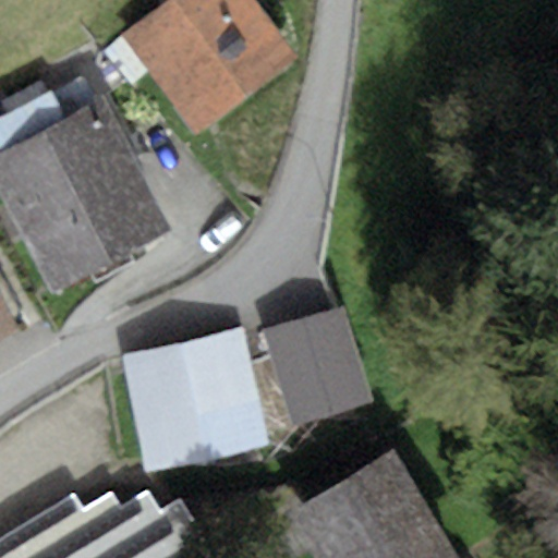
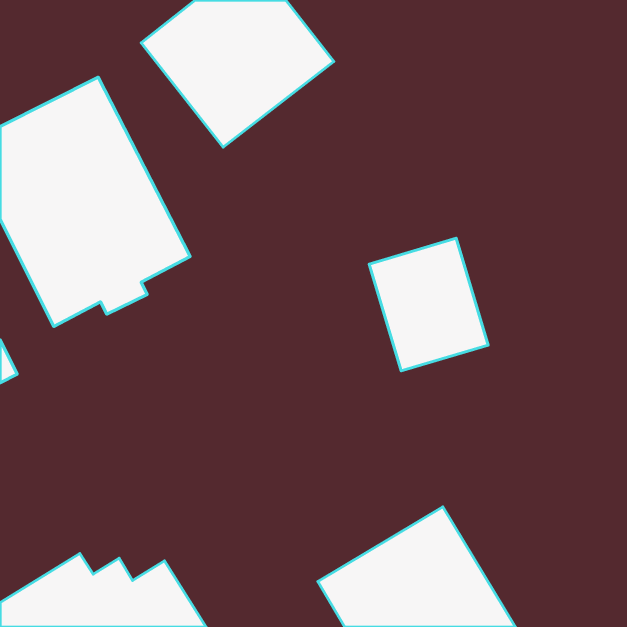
building: [266,310,372,427] -> [369,238,488,371]
building: [121,335,265,471] -> none

